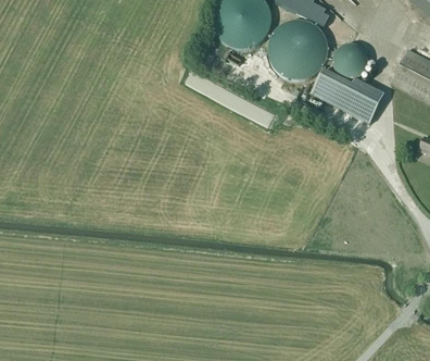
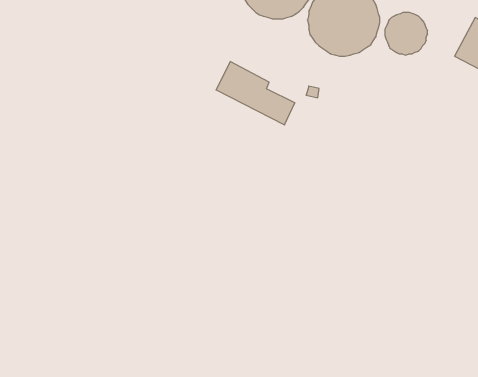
building: [312,70,378,123] -> [216,62,295,125]

